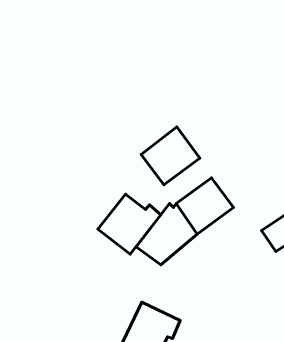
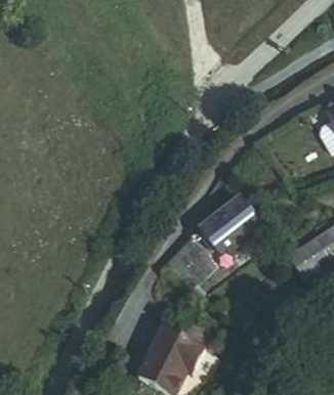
building: [141,127,200,185] -> none
building: [98,194,161,254] -> none

